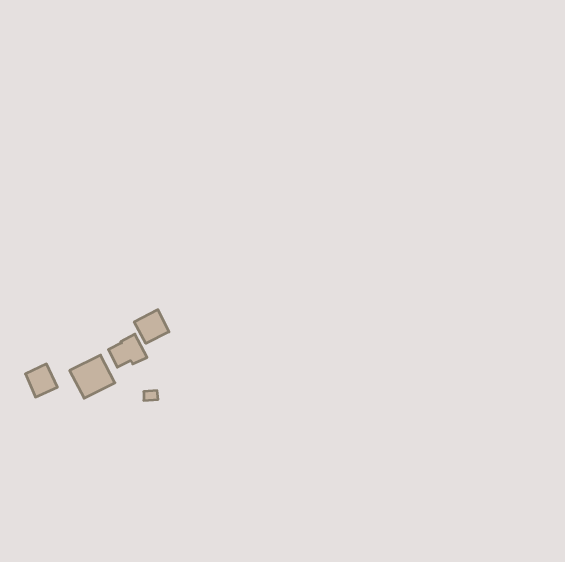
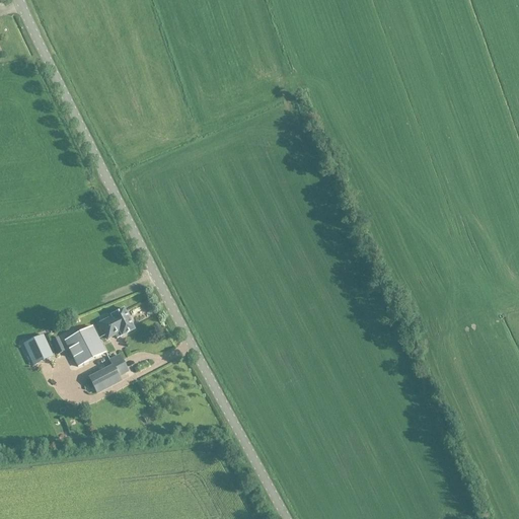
building: [134,310,169,343] -> none
building: none -> [89,353,129,391]

